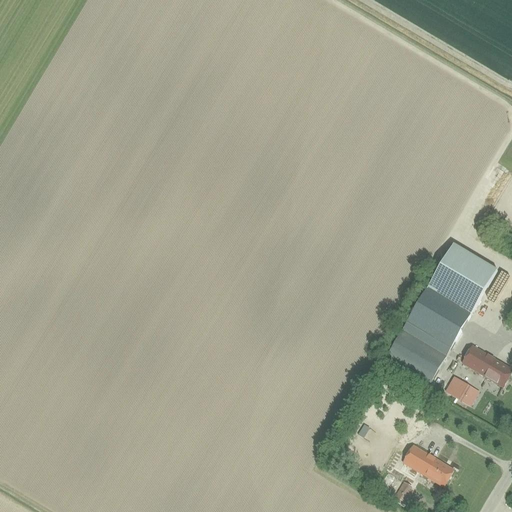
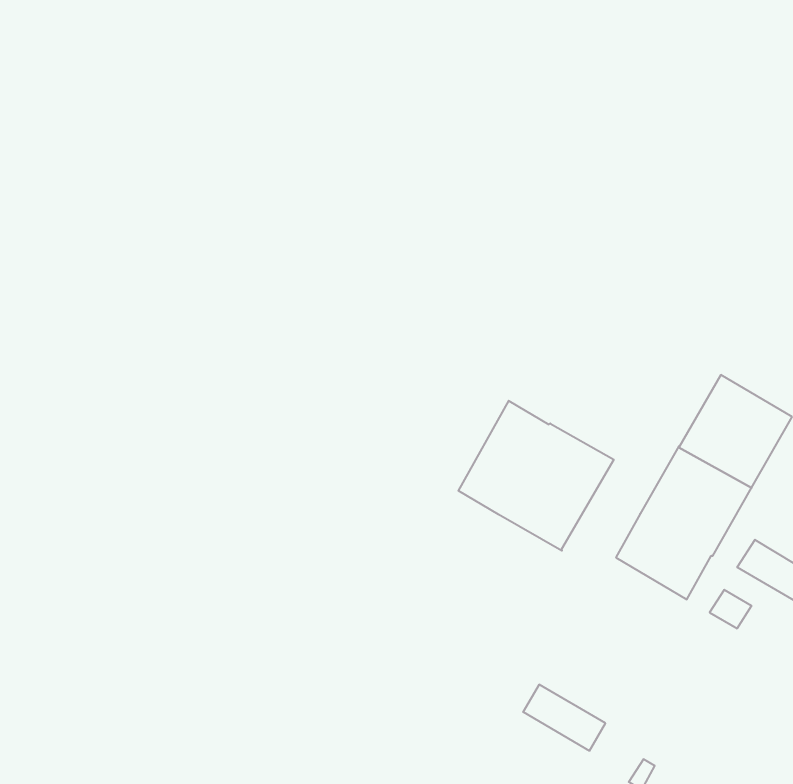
building: none -> [458,401,614,551]
building: [403,445,454,486] -> [523,685,605,751]

